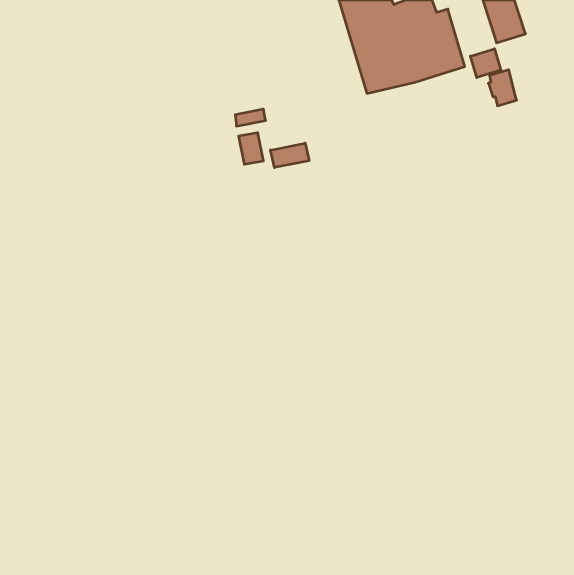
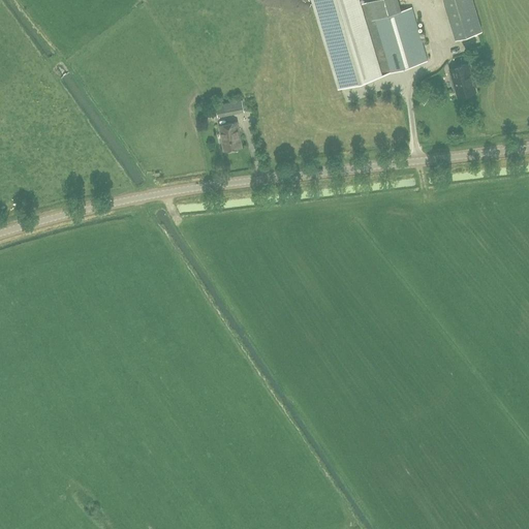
building: [470,49,501,78] -> none
building: [270,143,309,168] -> none

